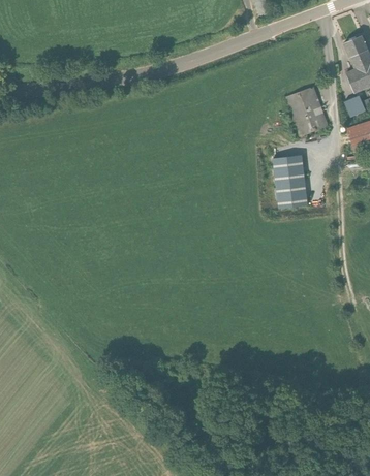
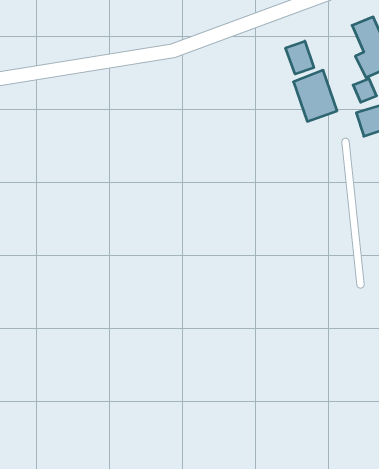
building: none -> [286,41,314,74]
building: [273,154,307,204] -> none

